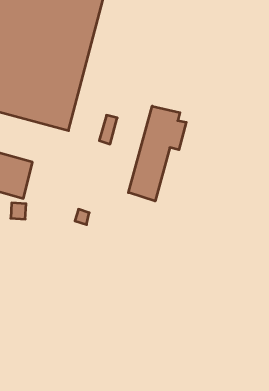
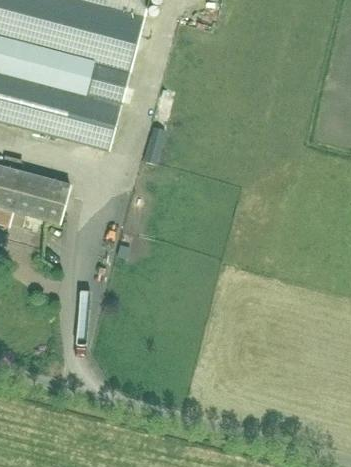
building: [128,106,186,201] -> none

